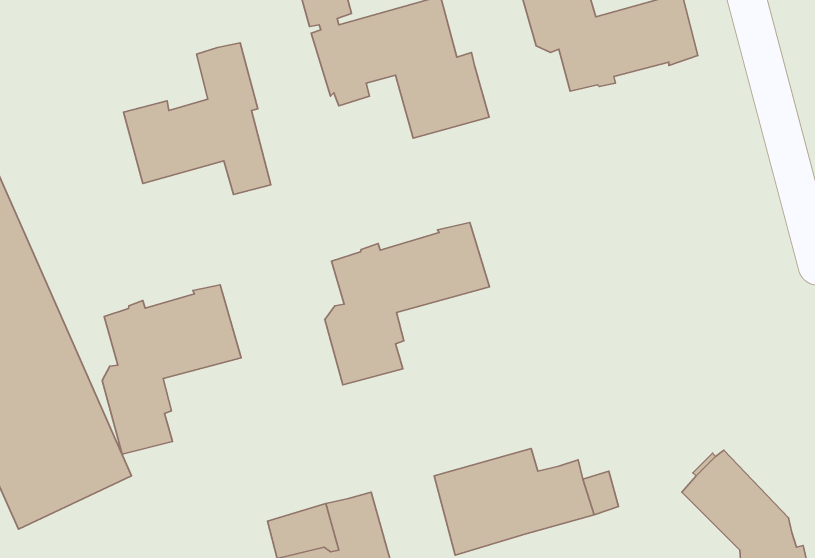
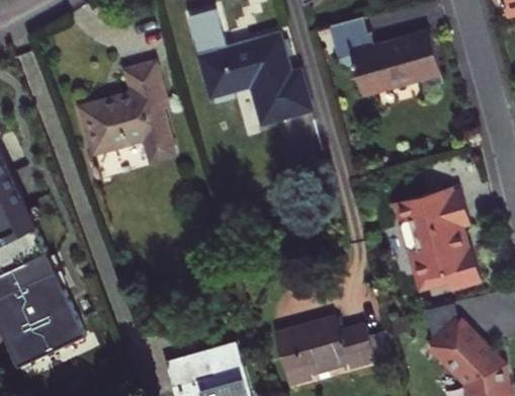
building: [325,222,490,385] -> none
building: none -> [398,185,478,285]
building: [102,285,241,454] -> none

